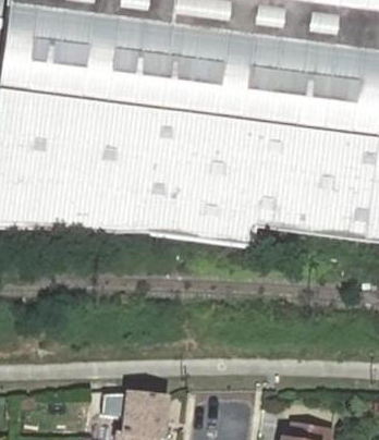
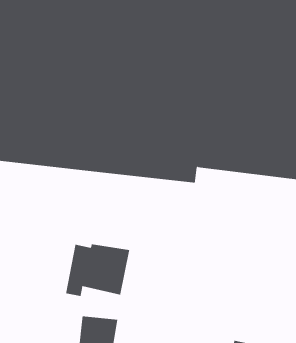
building: none -> [65,243,130,297]

